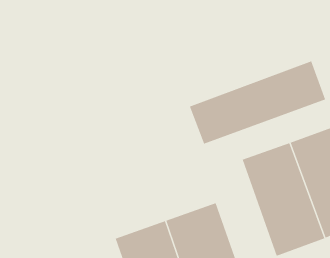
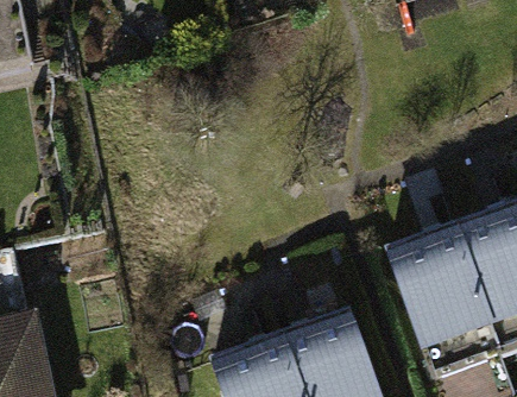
building: [189,60,326,144] -> none

